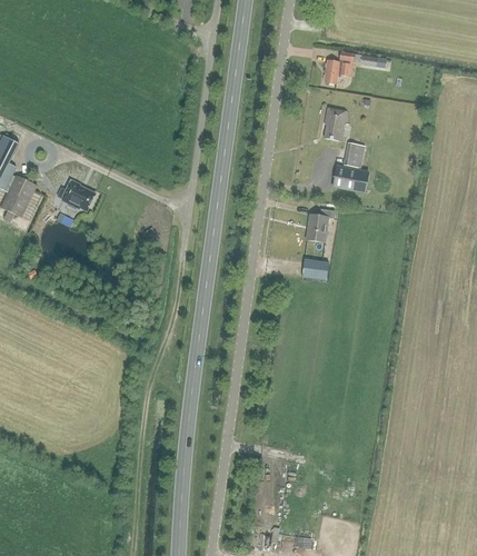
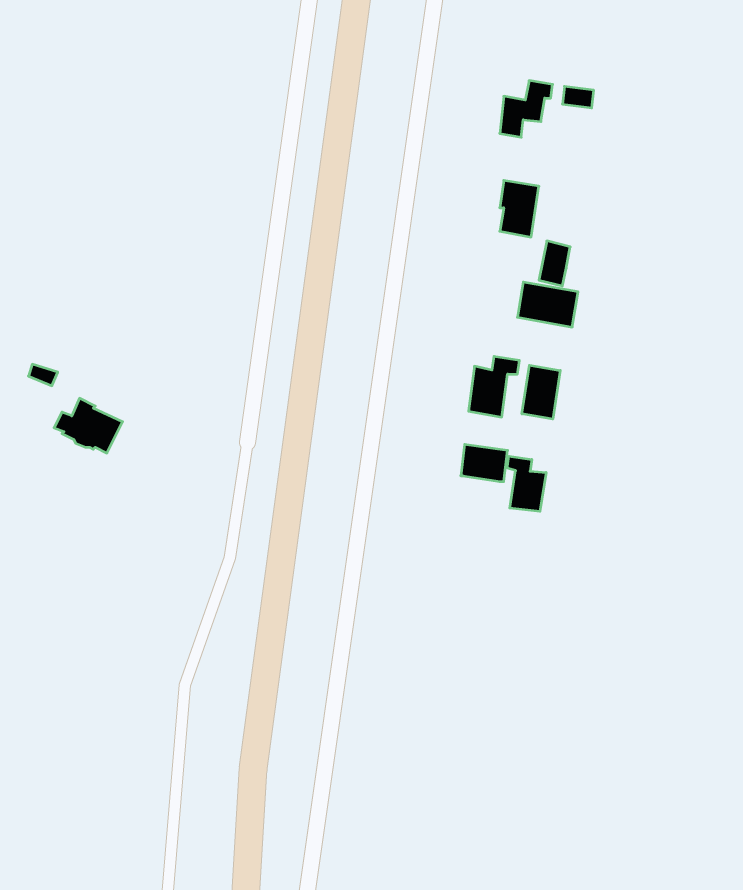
building: [57,179,96,210] -> [54,398,123,453]
building: none -> [522,365,560,419]
building: none -> [507,456,546,511]

